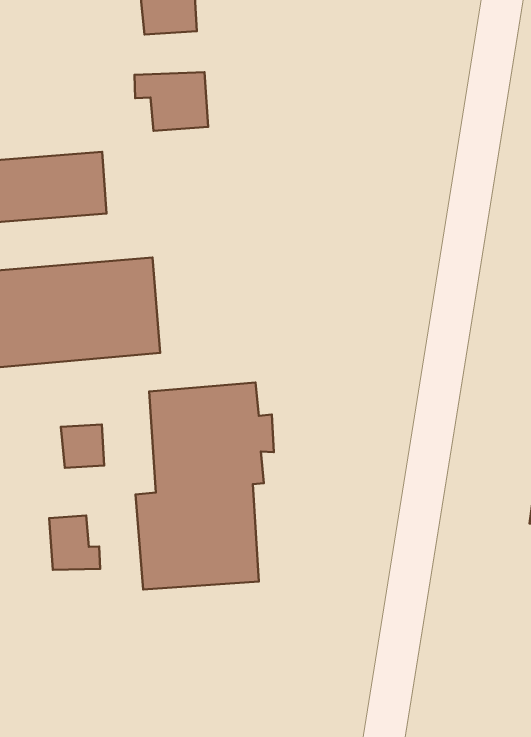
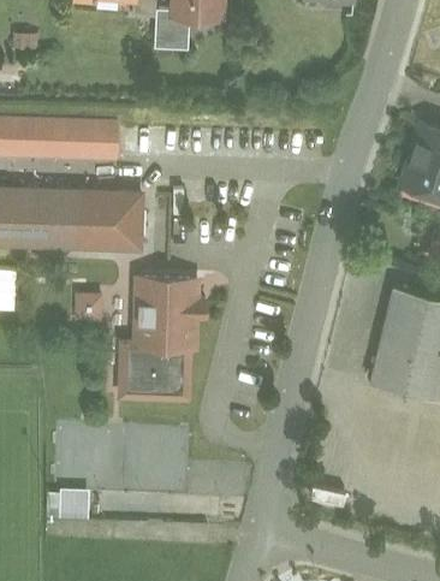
building: [135,72,208,131] -> none
building: [49,516,100,570] -> none

